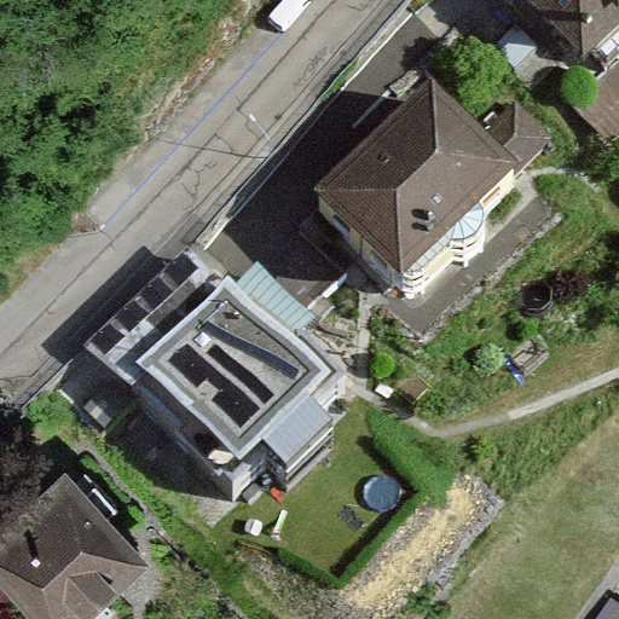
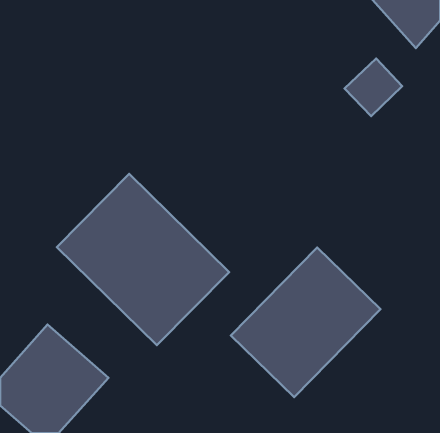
building: [320,88,520,285] -> none
building: none -> [231,248,380,397]

